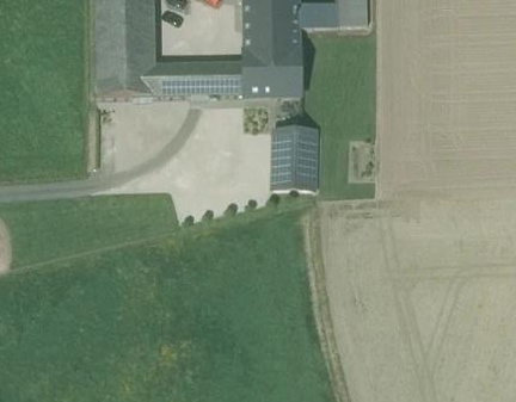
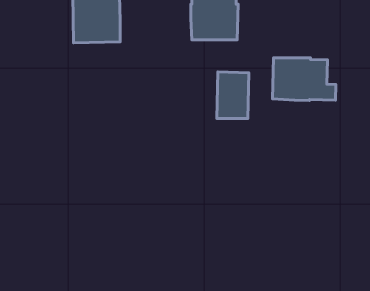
building: [154,66,242,94] -> none
building: none -> [272,58,336,101]

